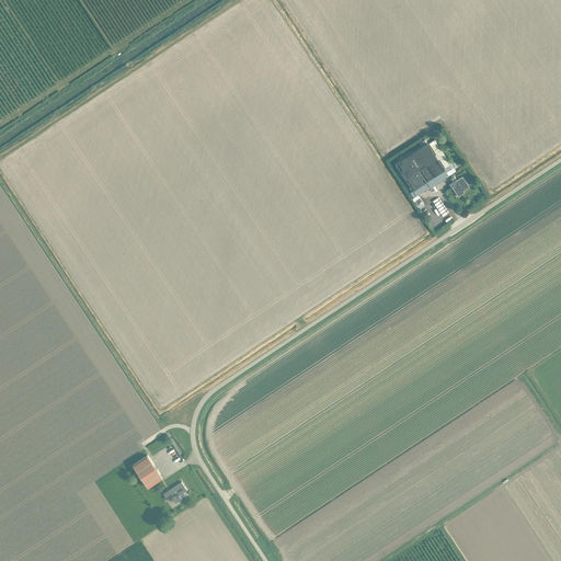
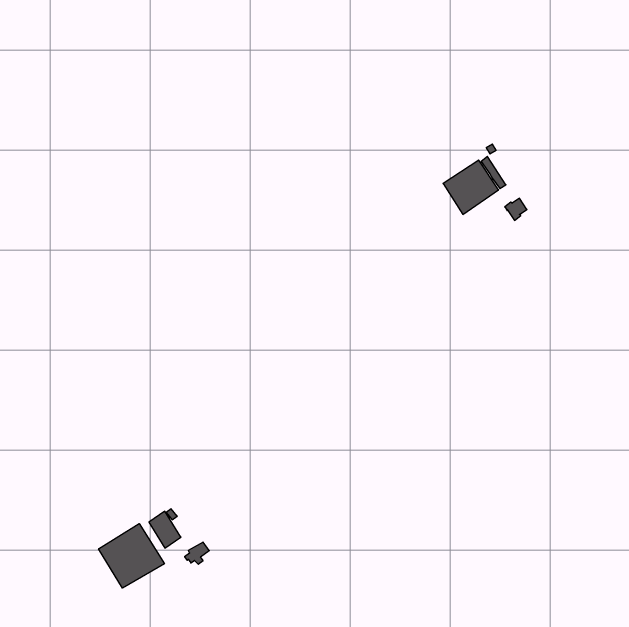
building: none -> [99,524,164,588]

